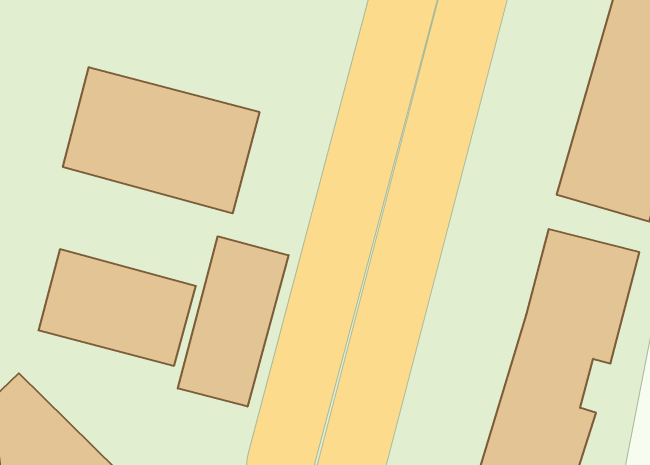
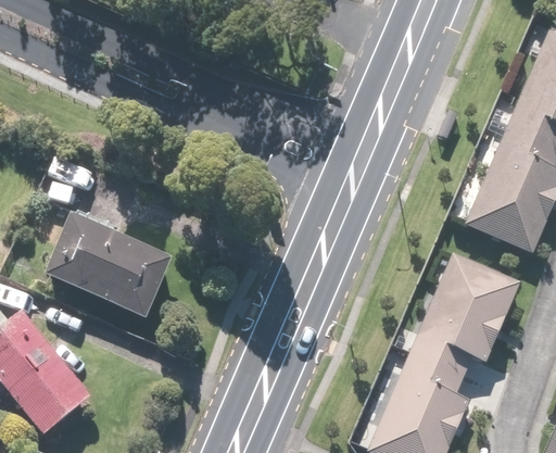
building: [63,67,259,213] -> none
building: [178,236,289,407] -> none

